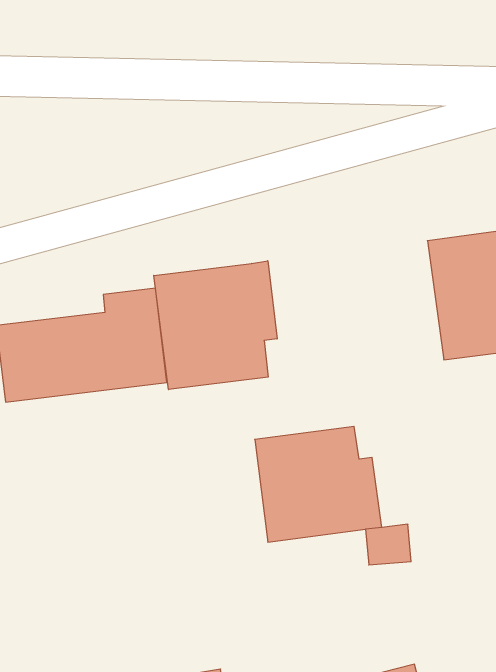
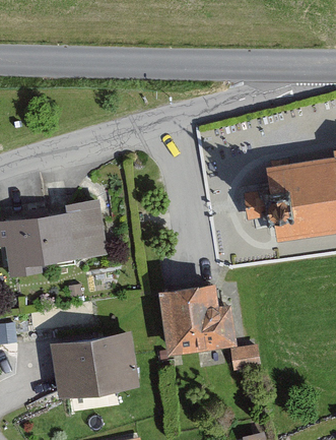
building: [154,261,277,390] -> none
building: none -> [51,332,137,398]

